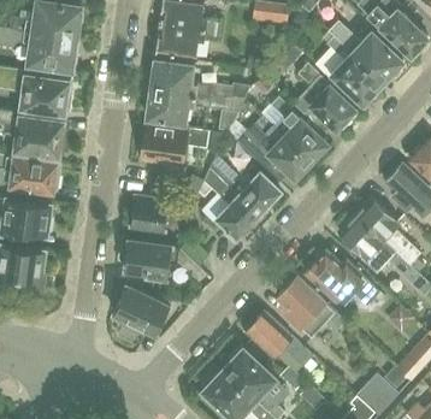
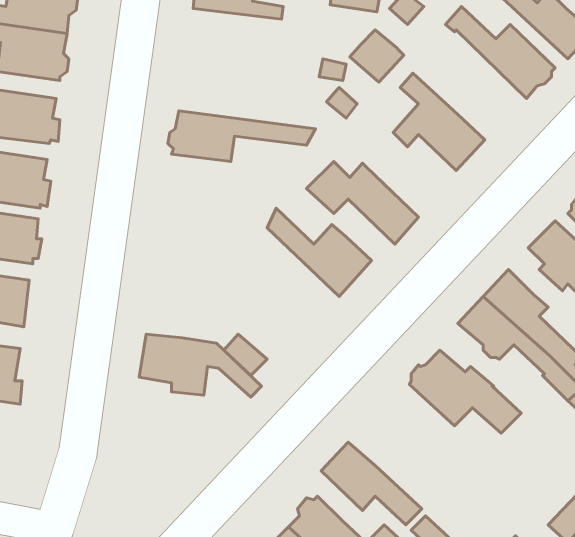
building: [153,22,219,58] -> none
building: [327,36,383,104] -> none
building: [149,59,249,102] -> none
building: [271,98,327,161] -> none
building: [137,125,225,165] -> none
building: [203,169,258,236] -> none
building: [130,196,184,232] -> none
building: [278,277,346,337] -> none
building: [113,285,170,335] -> none

